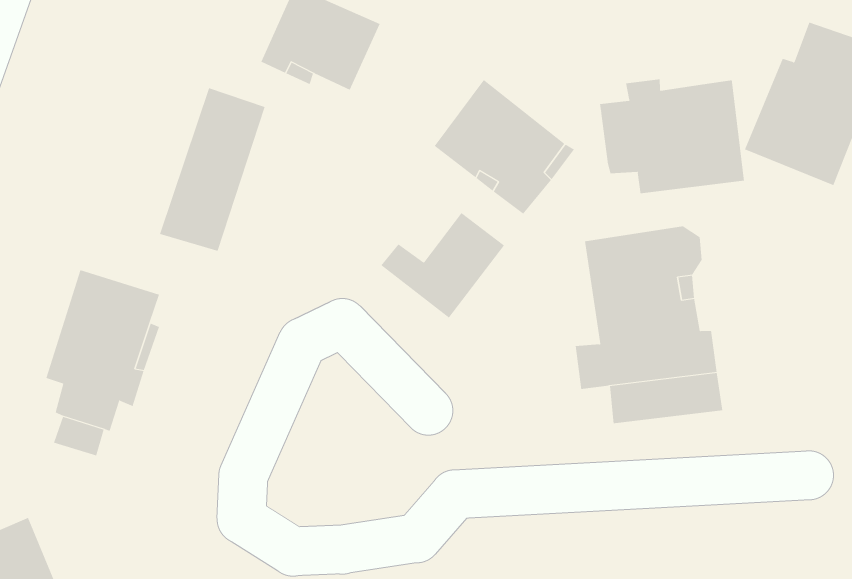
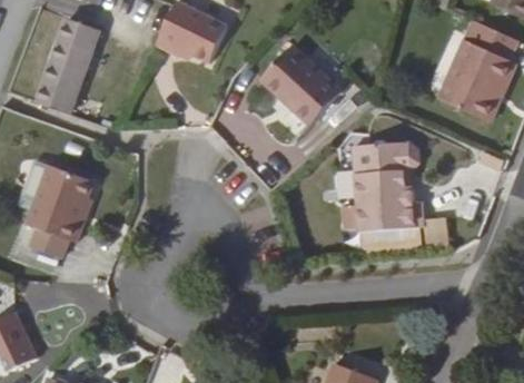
building: [600,78,744,194] -> none
building: [159,88,266,251] -> [40,20,102,116]
building: [381,212,505,318] -> none

